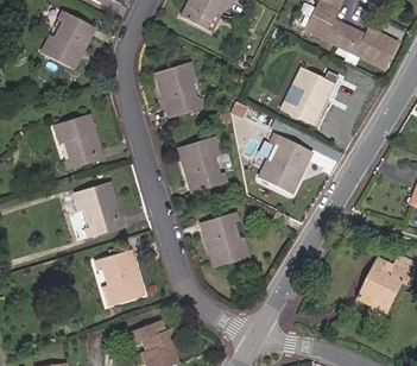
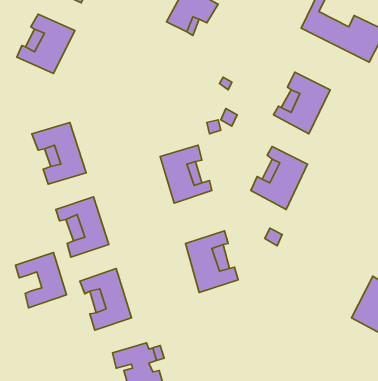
building: [154,65,202,118] -> none
building: none -> [15,252,67,308]

